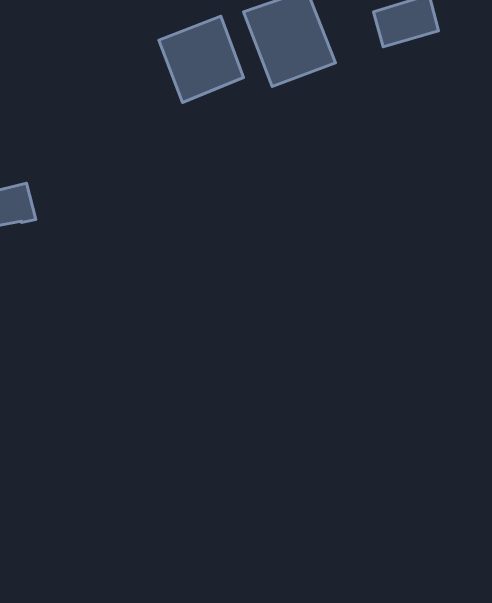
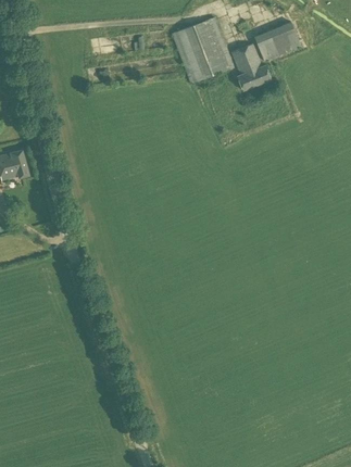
building: [159,16,244,102] -> none
building: none -> [231,45,269,90]

